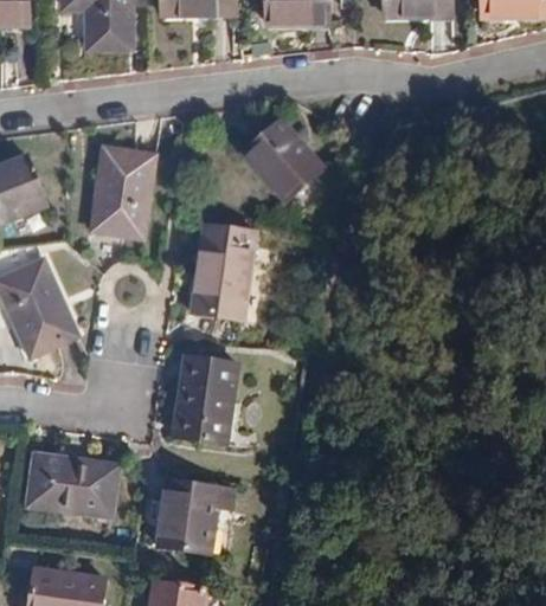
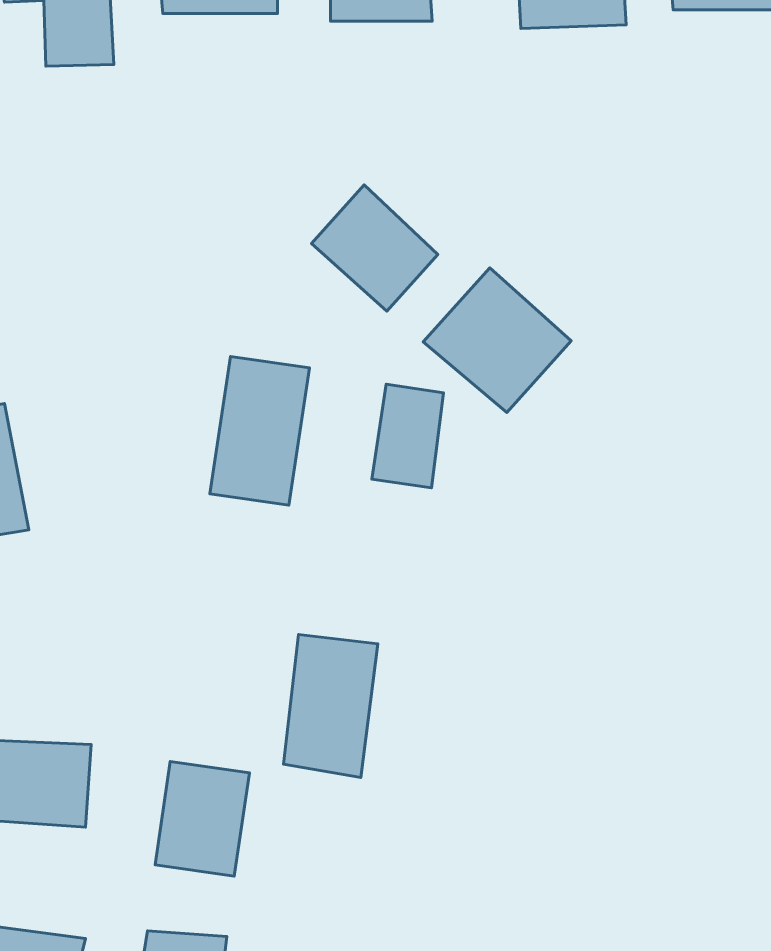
building: [88,144,149,234] -> none
building: none -> [423,268,571,413]
building: none -> [372,384,444,488]
building: [174,354,233,444] -> [284,634,378,778]

